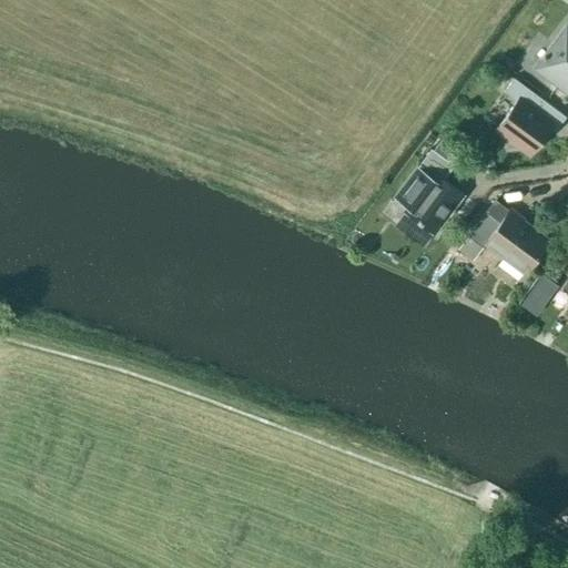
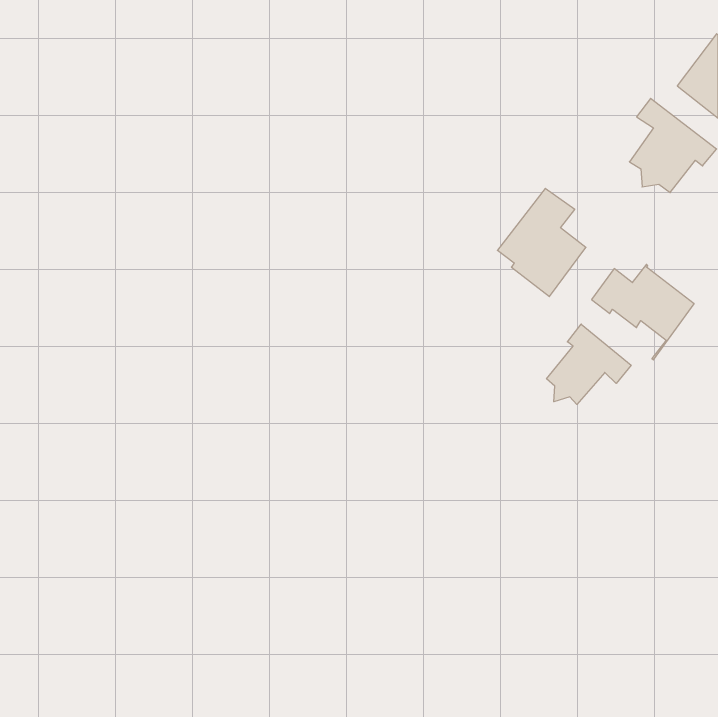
building: none -> [547,324,631,404]
building: [519,275,558,317] -> none

